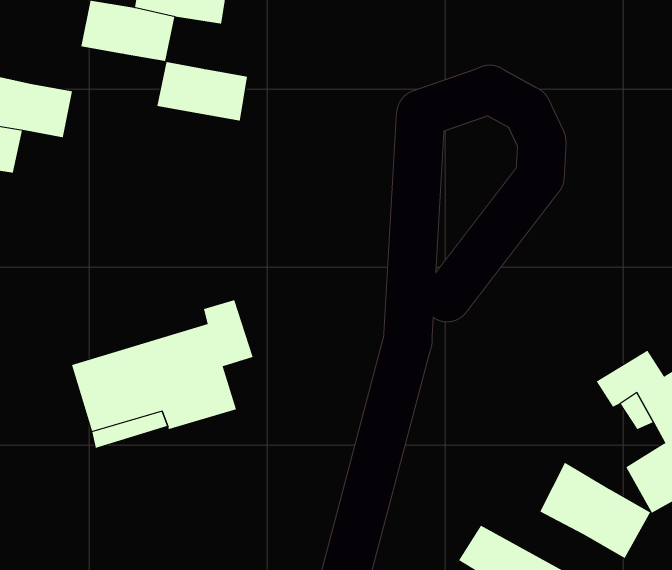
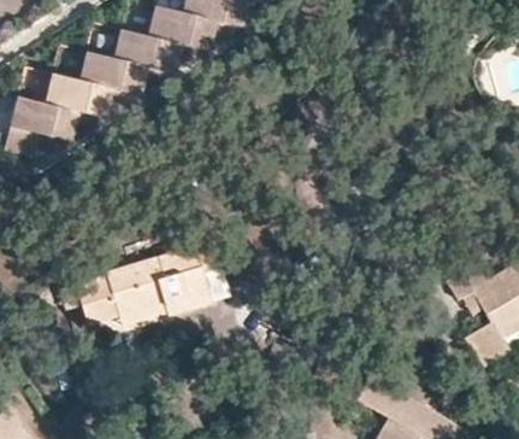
building: [157,62,248,121] -> [73,60,132,99]
building: [539,462,651,559] -> none

